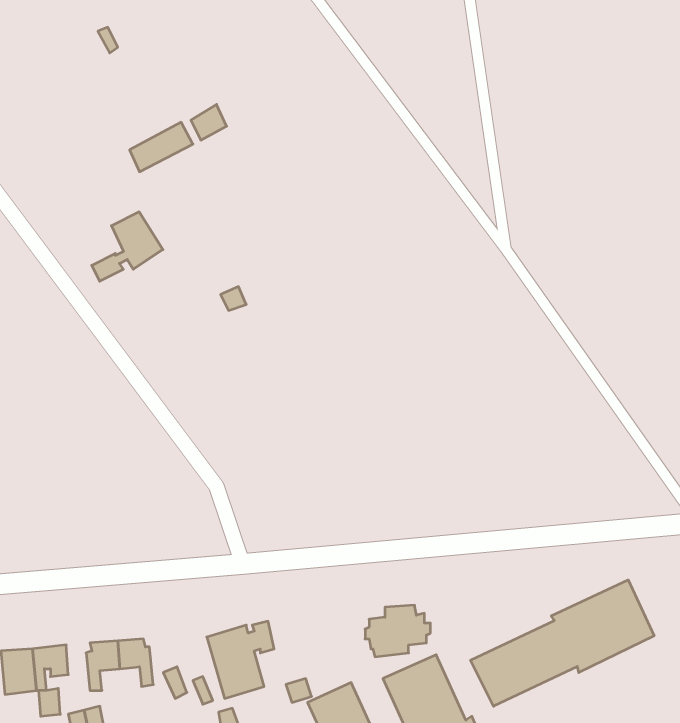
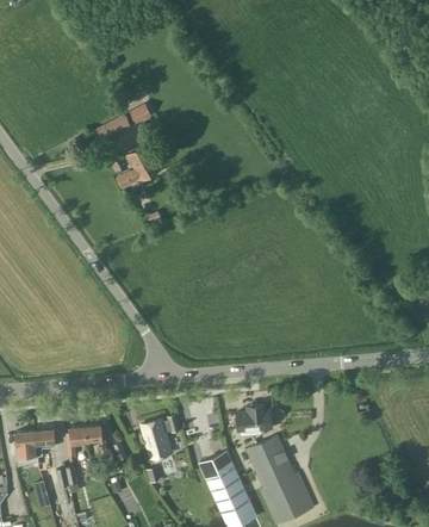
building: [92,212,163,281] -> [117,147,160,188]
building: [471,580,654,706] -> none

